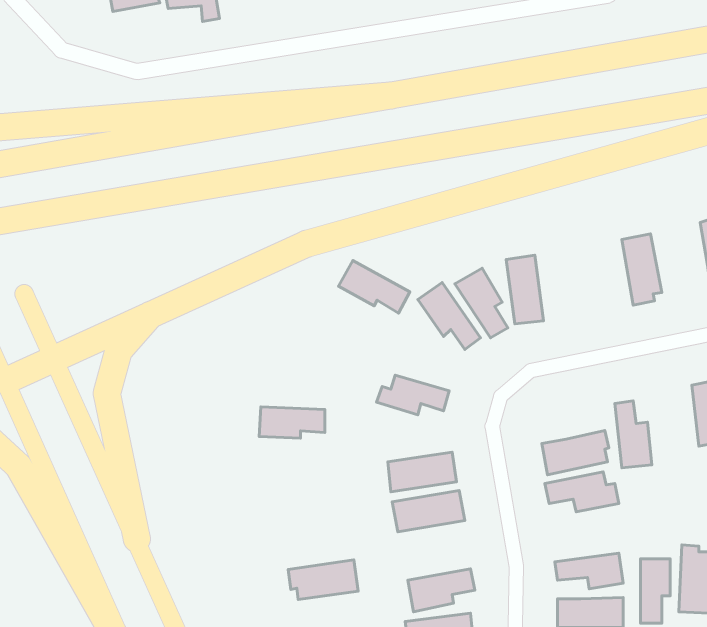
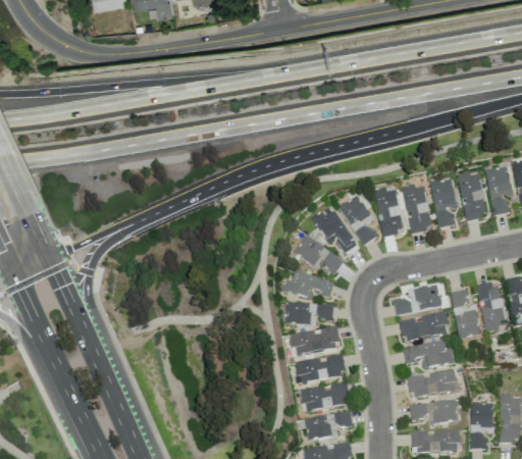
building: none -> [486,165,512,215]
building: none -> [431,178,457,227]
building: none -> [403,184,431,234]
building: [339,260,410,313] -> [294,236,345,273]
building: none -> [477,282,506,333]
building: none -> [395,286,441,313]
building: [259,407,325,438] -> [286,302,333,324]
building: none -> [409,369,459,397]
building: [288,560,358,600] -> [300,382,350,411]

